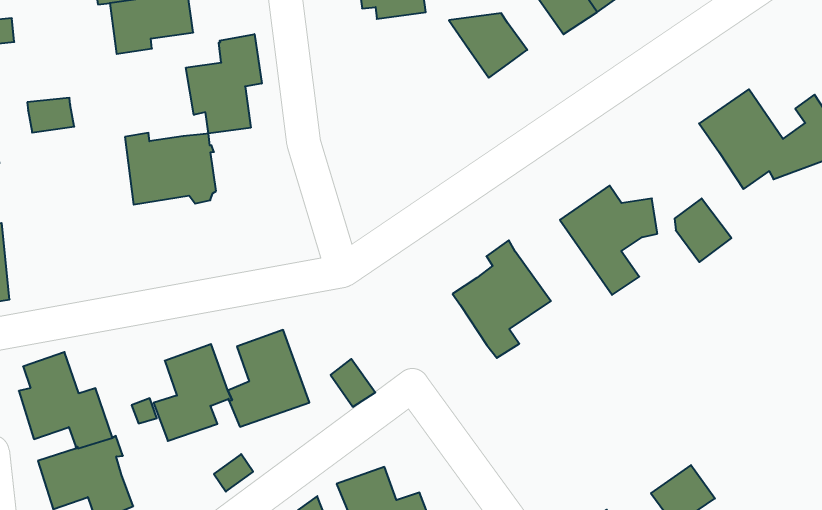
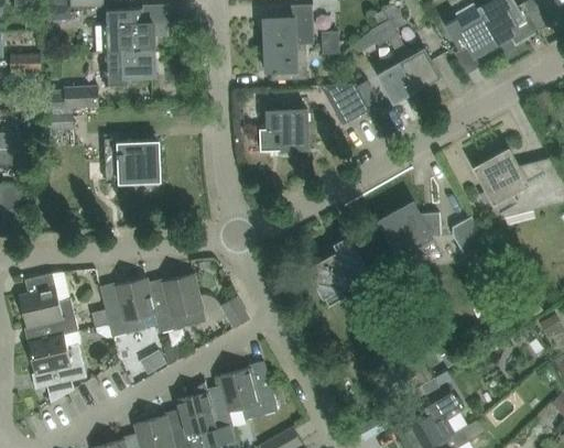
building: [186,34,262,134] -> none
building: none -> [48,84,98,110]
building: none -> [261,109,308,156]

